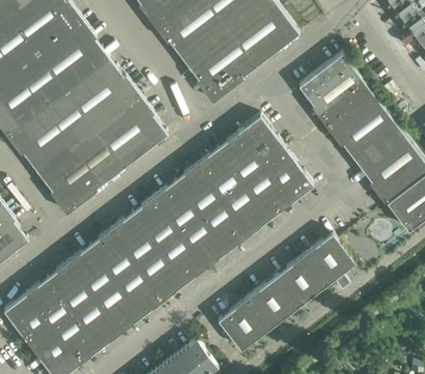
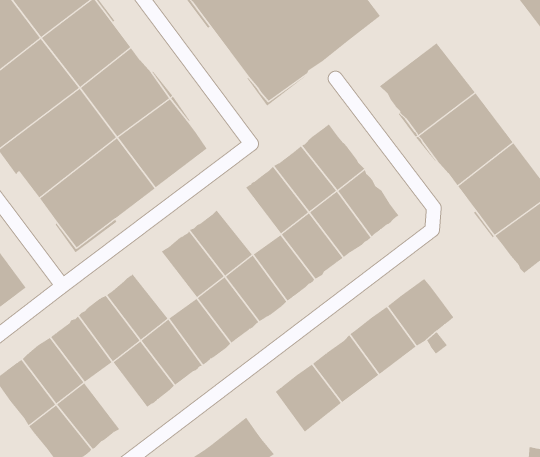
building: [174,164,223,216] -> none
building: [110,213,158,264] -> none
building: [73,298,120,349] -> none

